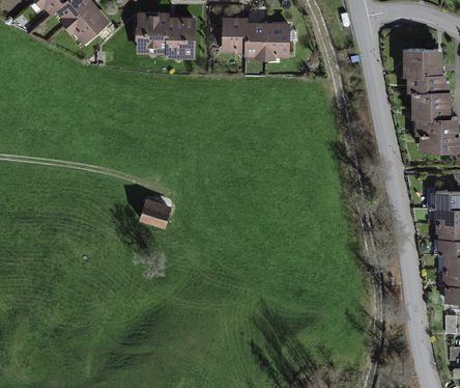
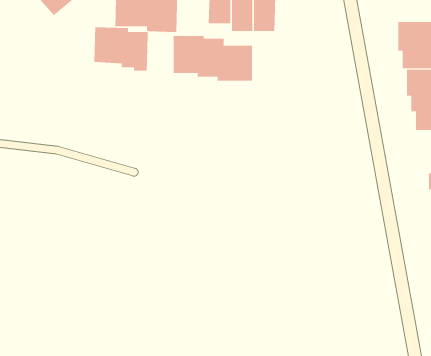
building: none -> [94,26,148,71]
building: none -> [173,35,252,81]
building: [138,202,169,230] -> none

